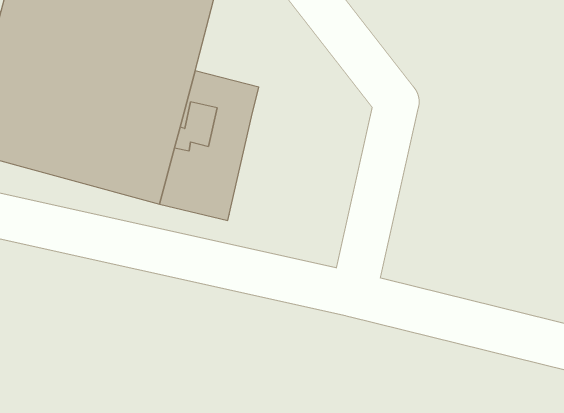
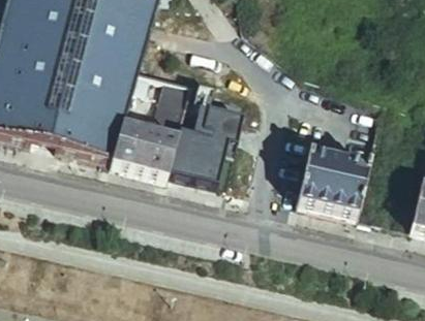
building: none -> [166,99,226,179]
building: none -> [297,147,367,211]

